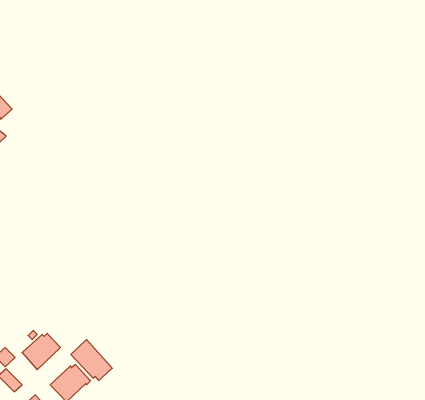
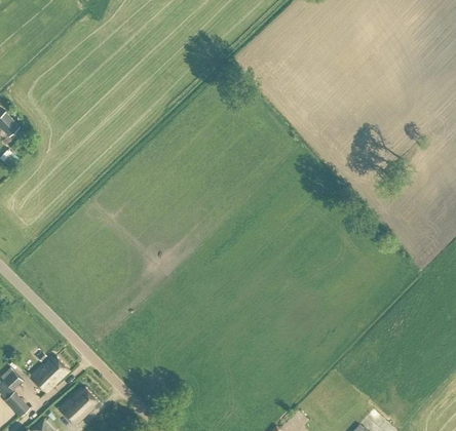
building: [71,340,112,380] -> none

